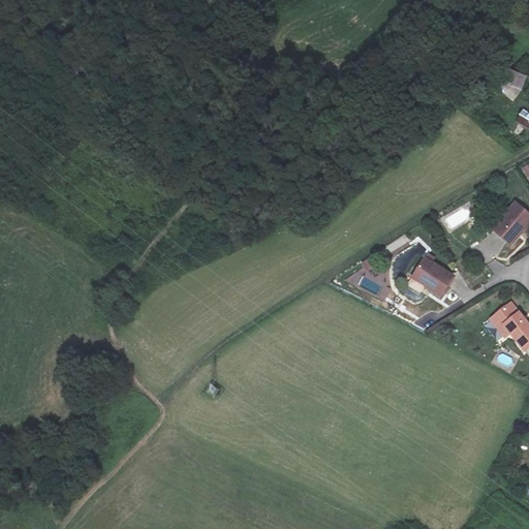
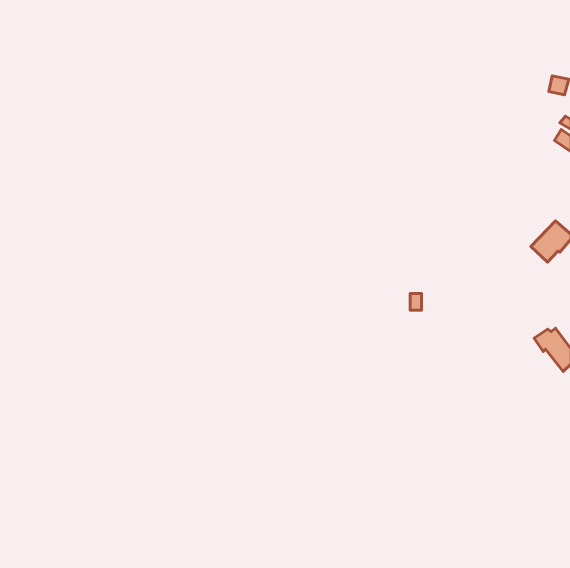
building: [412,258,452,294] -> none

